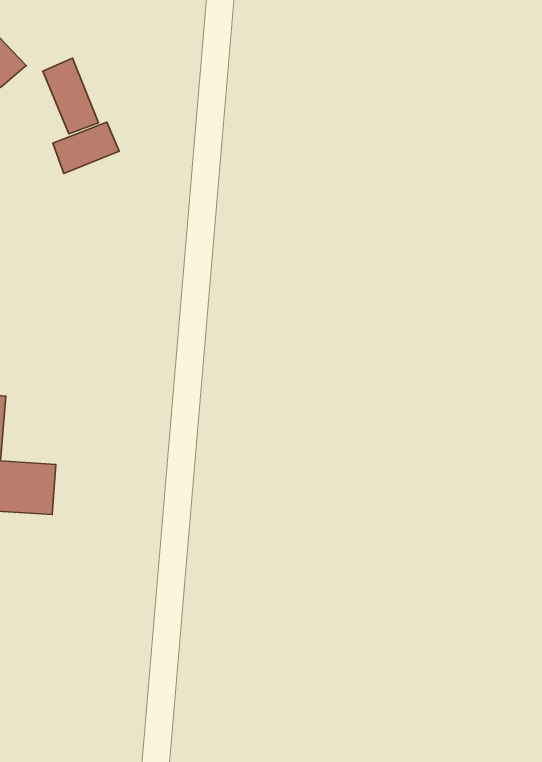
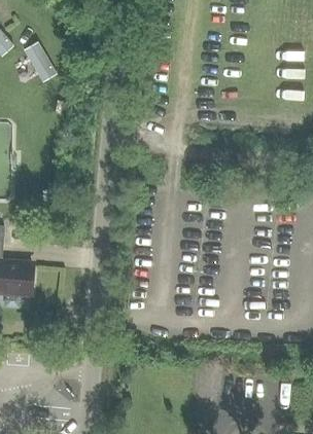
building: [53,122,119,173] -> none

